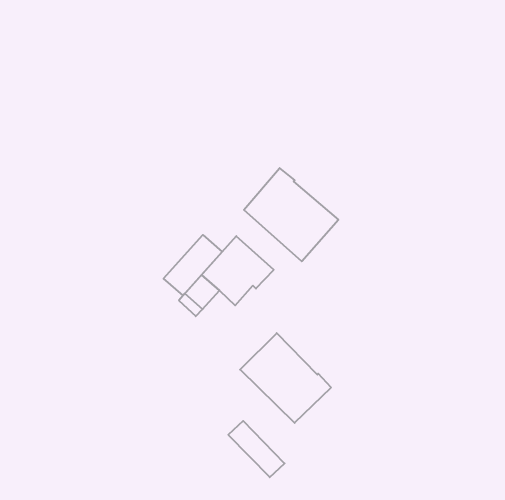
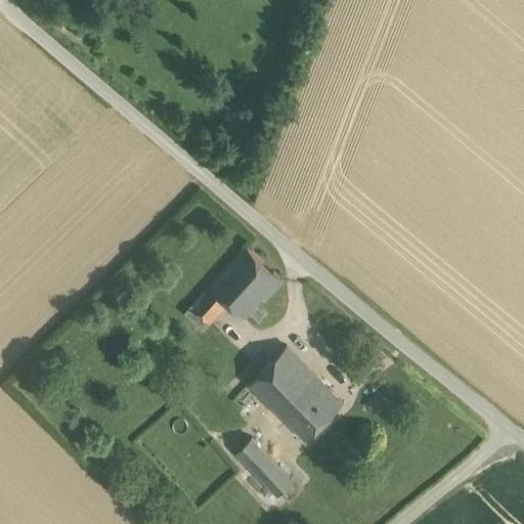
building: [244,168,338,261] -> none
building: [164,235,222,295] -> none

